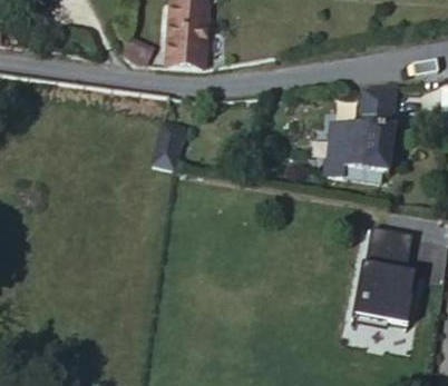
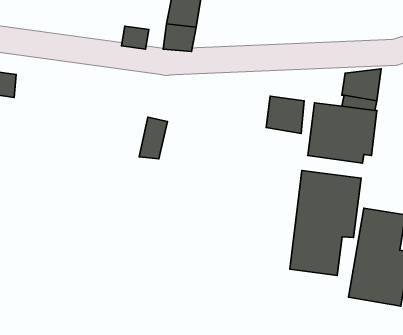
building: none -> [266,96,304,134]
building: none -> [290,171,361,275]

